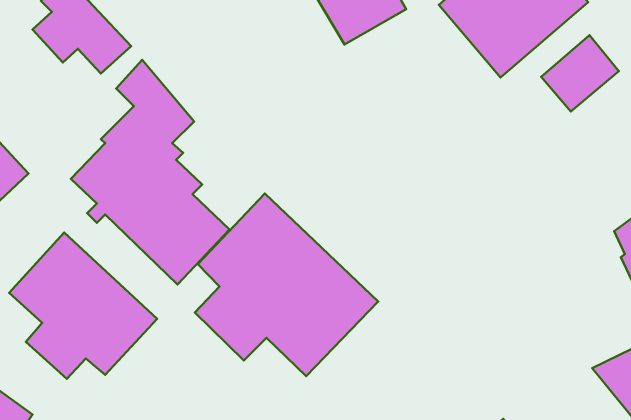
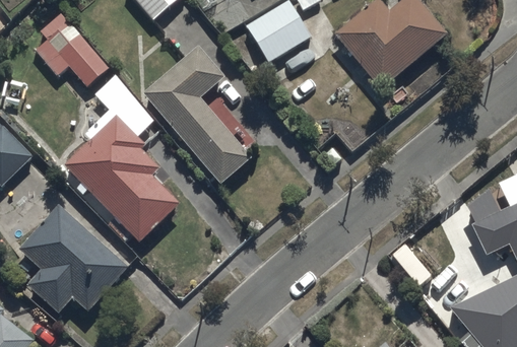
building: none -> [143,45,256,184]
building: [541,35,619,112] -> none
building: [195,194,378,376] -> none

